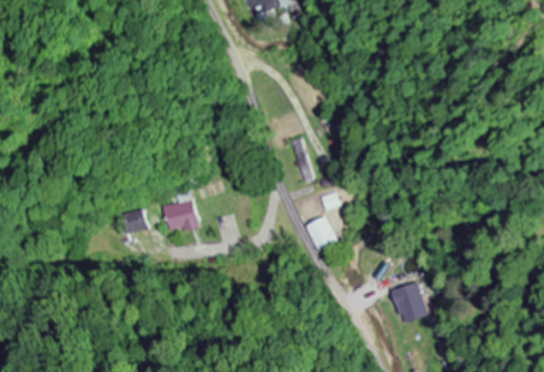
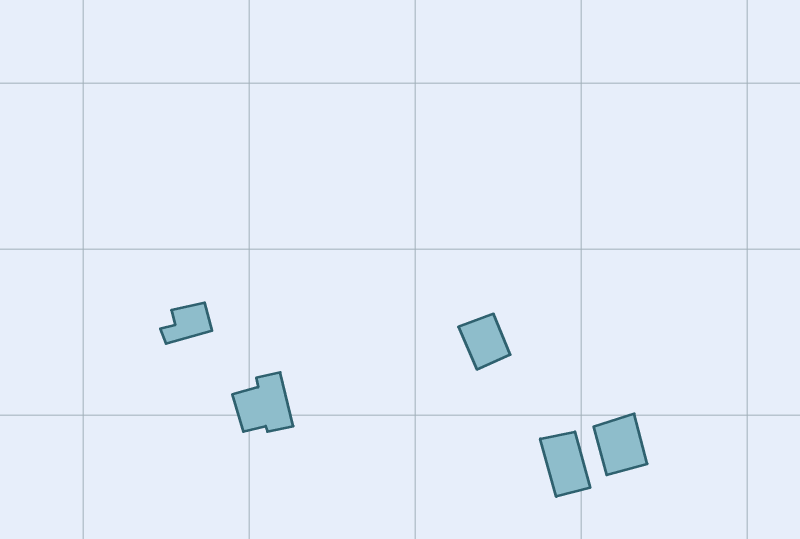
building: [159,192,198,230] -> [232,372,293,432]
building: none -> [540,432,590,497]

